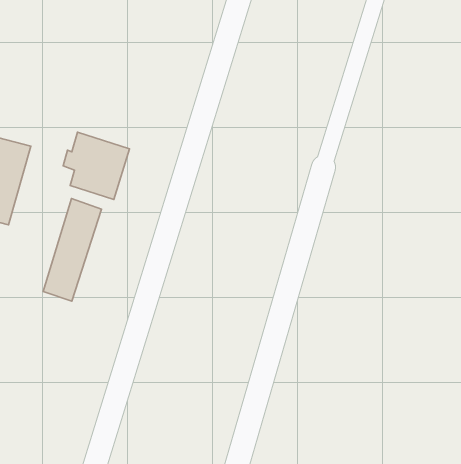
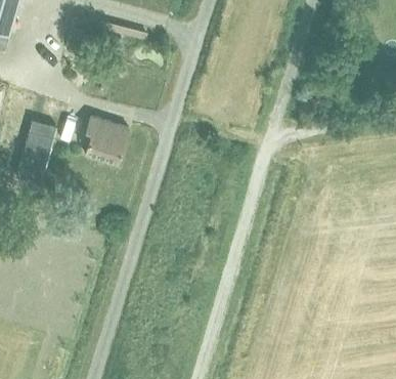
building: [43,199,102,301] -> none

